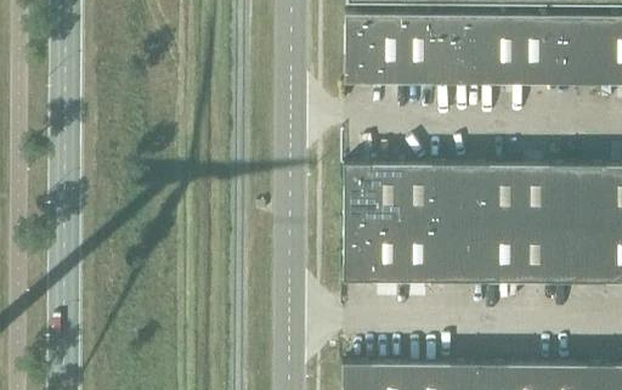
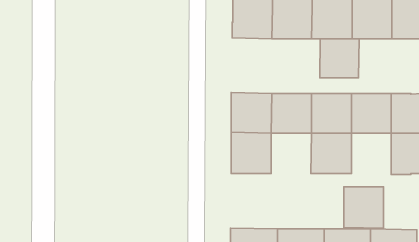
building: none -> [320,39,359,78]
building: [403,224,463,283] -> none
building: [521,224,579,284] -> [344,187,383,228]

